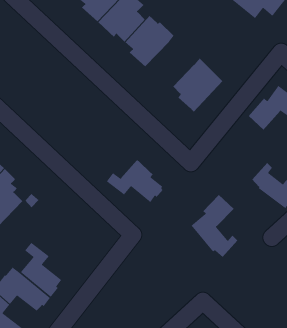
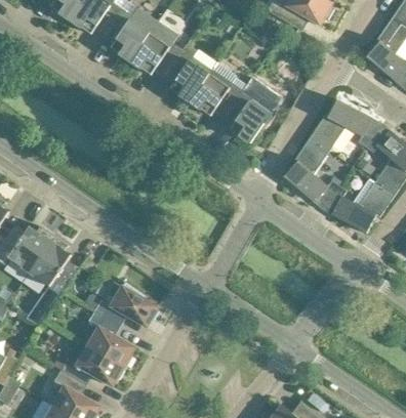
building: none -> [190,62,247,118]
building: [106,158,164,203] -> [94,280,159,327]
building: [191,194,238,258] -> [284,137,338,206]

